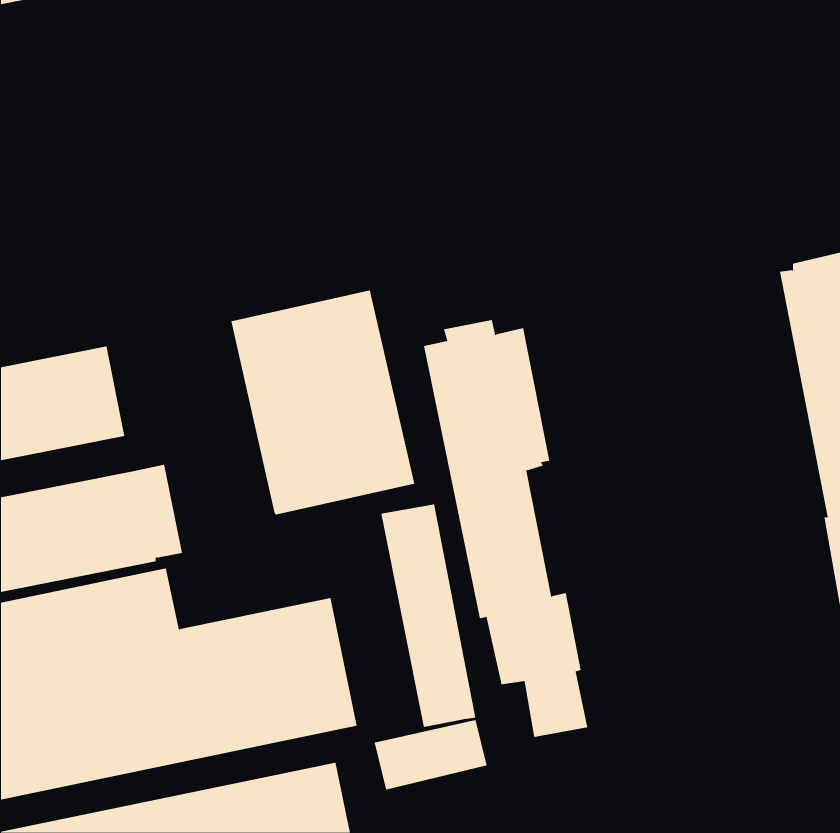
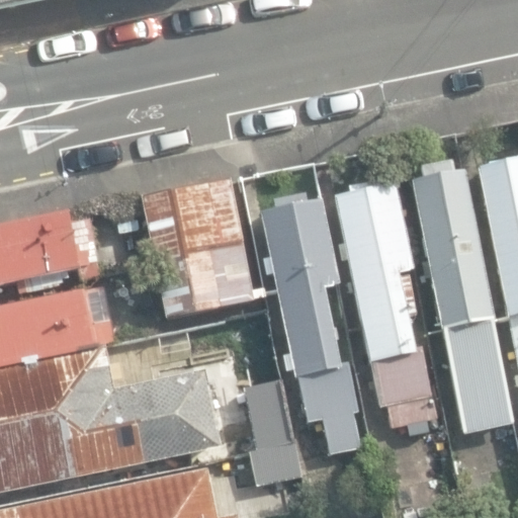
building: none -> [412,157,511,424]
building: none -> [334,179,436,428]

